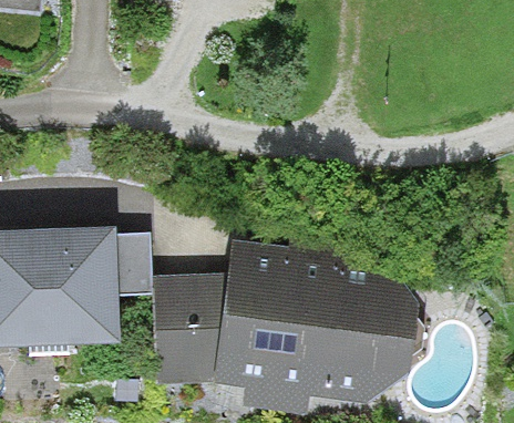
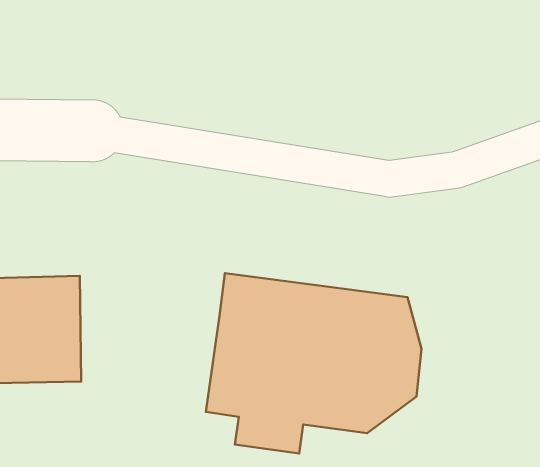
building: [155,282,228,370] -> none

